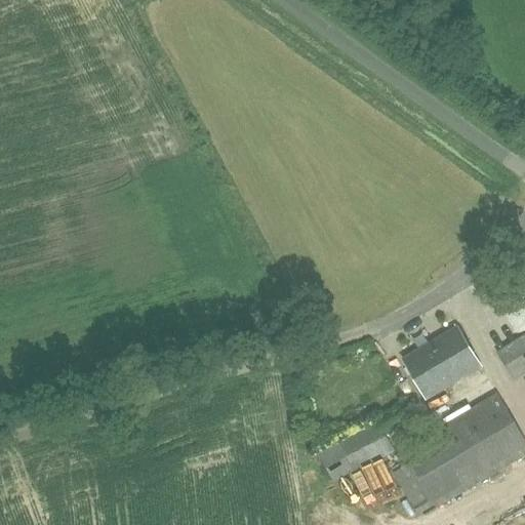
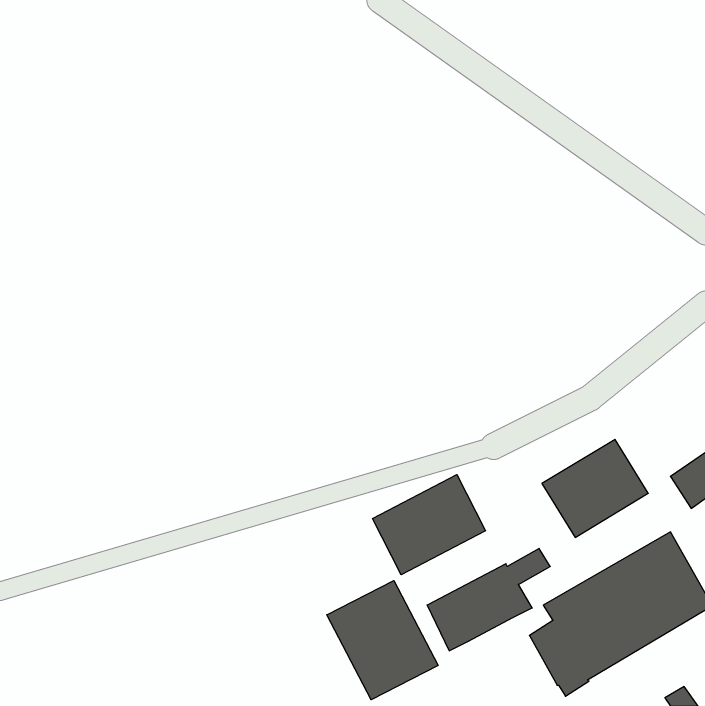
building: none -> [373,475,486,575]
building: none -> [327,581,438,700]

